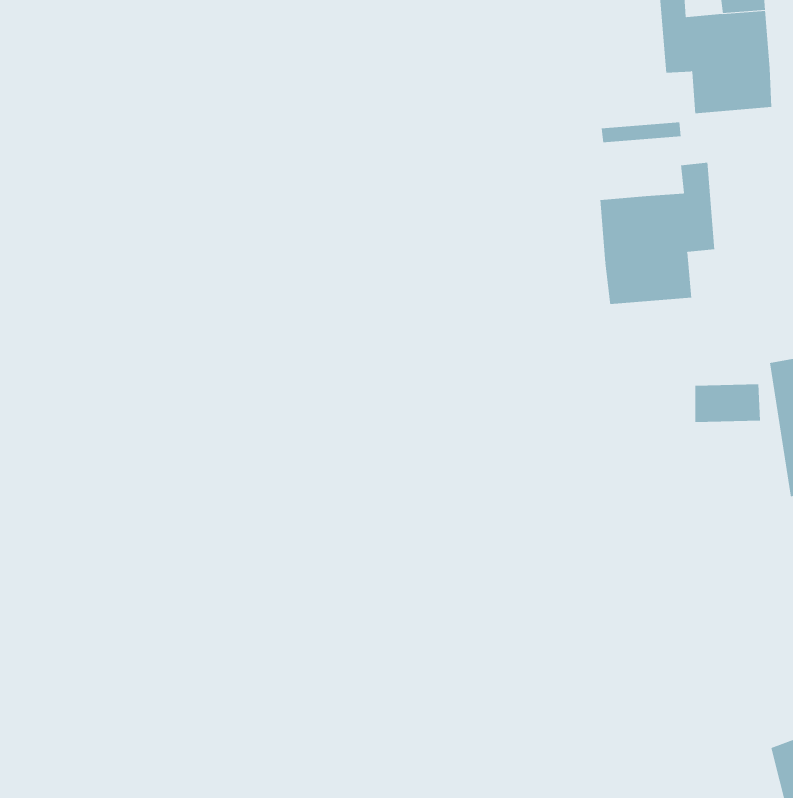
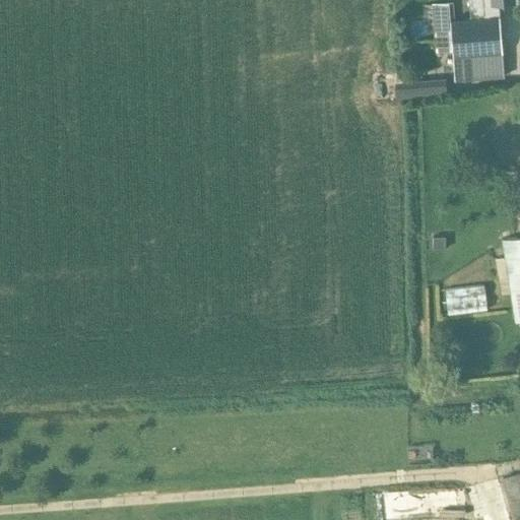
building: [600,162,715,305] -> none
building: [694,384,761,423] -> [447,286,489,311]

